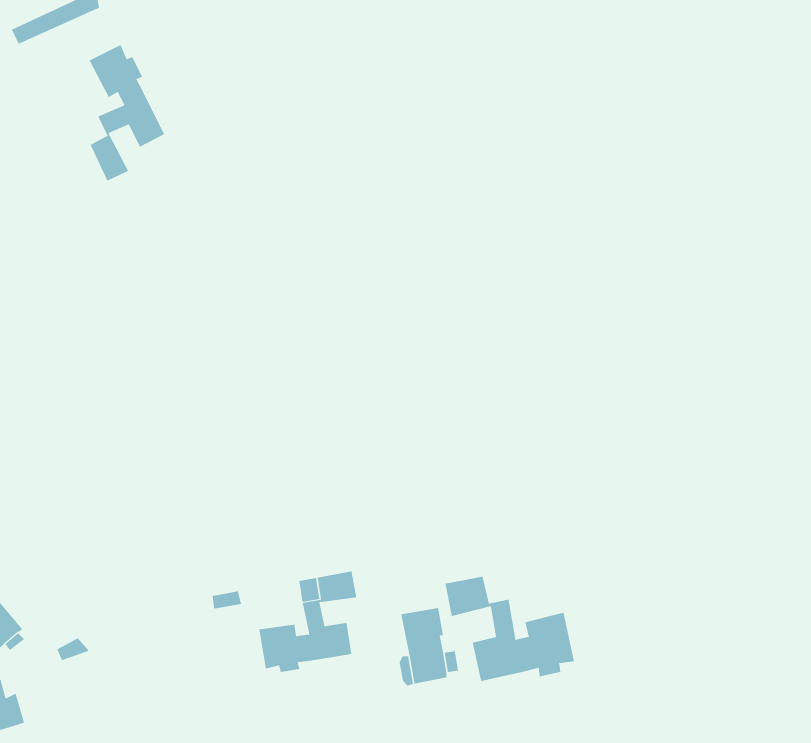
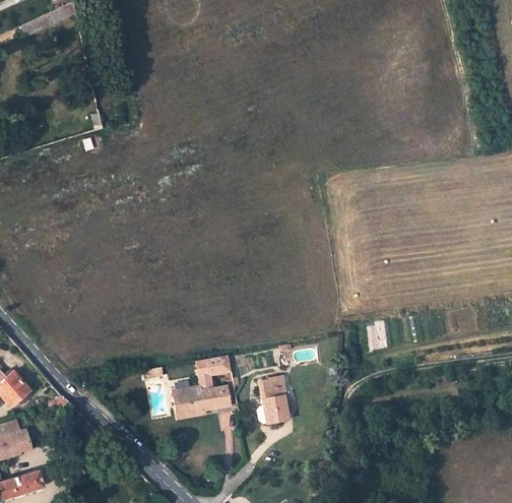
building: [89,44,165,181] -> none
building: [445,576,575,682] -> none

